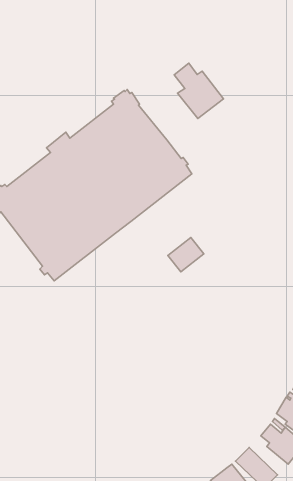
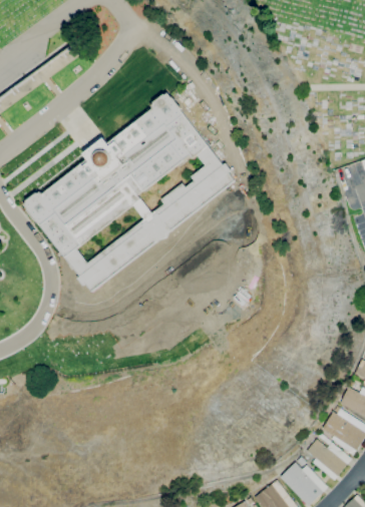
building: [174,63,224,118] -> none
building: [168,237,204,272] -> none

